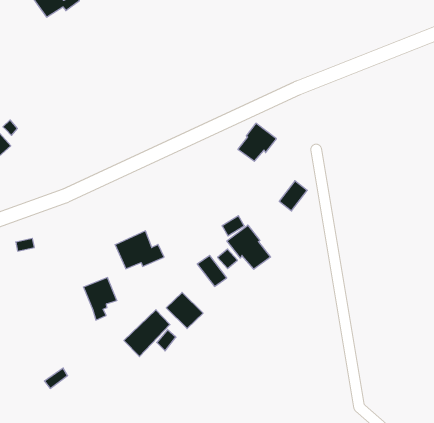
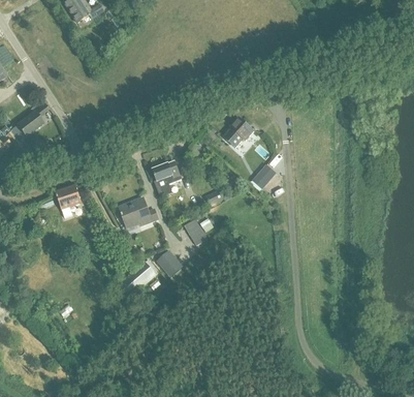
building: none -> [152,161,181,197]
building: [227,225,271,269] -> none
building: [83,278,117,320] -> [56,184,82,217]

